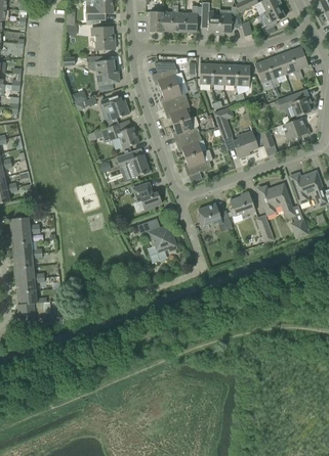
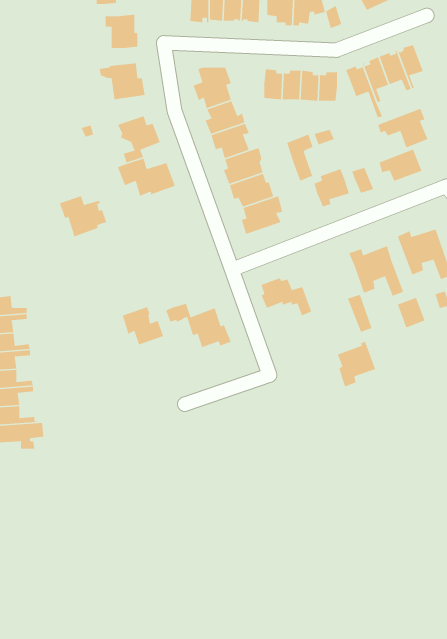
building: [116,150,149,179] -> [59,195,107,238]
building: [132,182,161,209] -> [122,306,164,345]
building: [229,190,255,222] -> [337,341,376,387]

